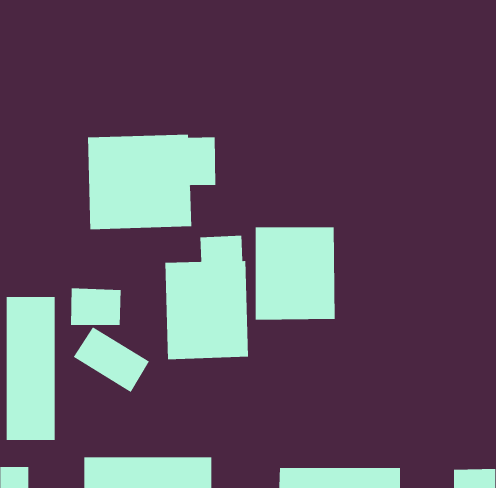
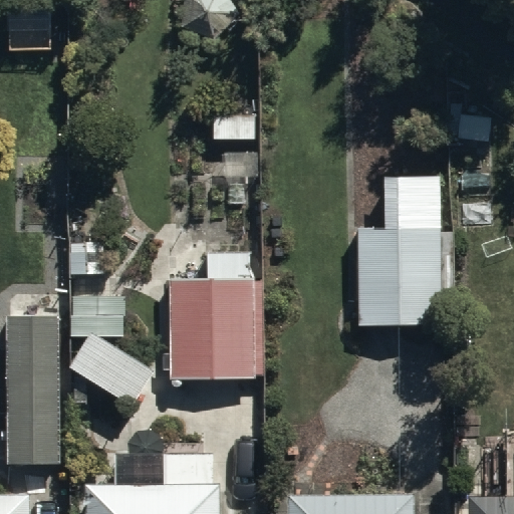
building: [88,134,216,230] -> none
building: [255,227,336,320] -> [356,229,440,325]

